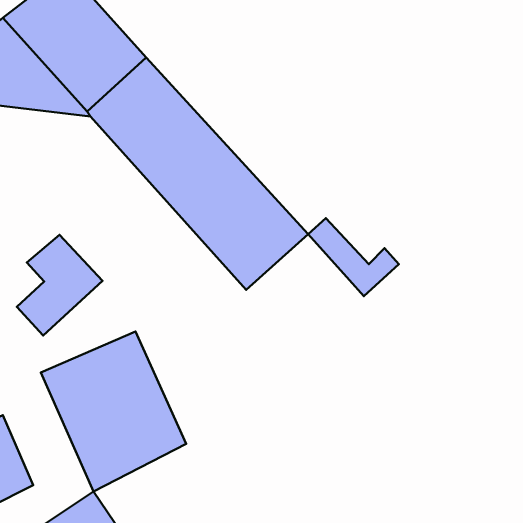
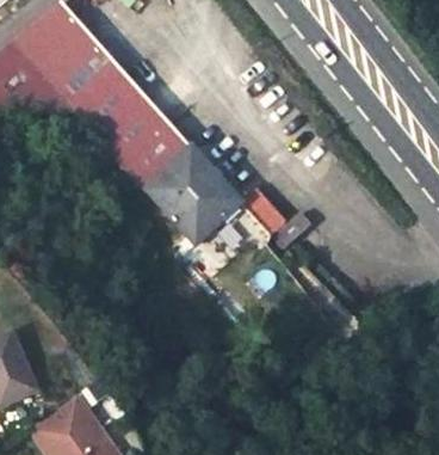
building: [17,235,103,335] -> none
building: [41,332,186,492] -> none

